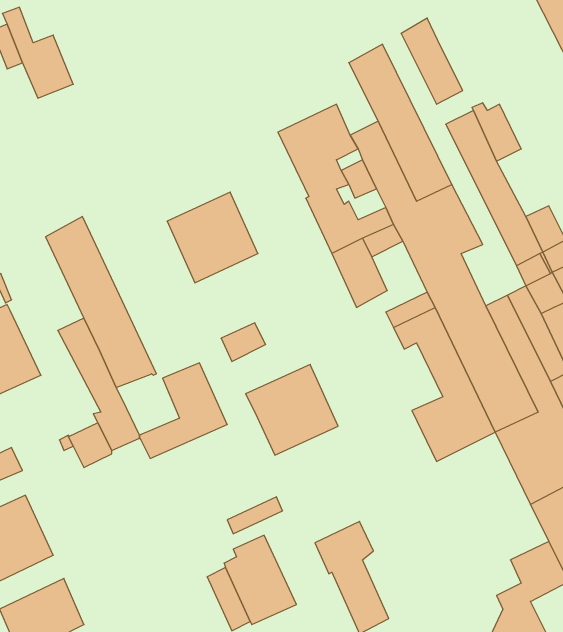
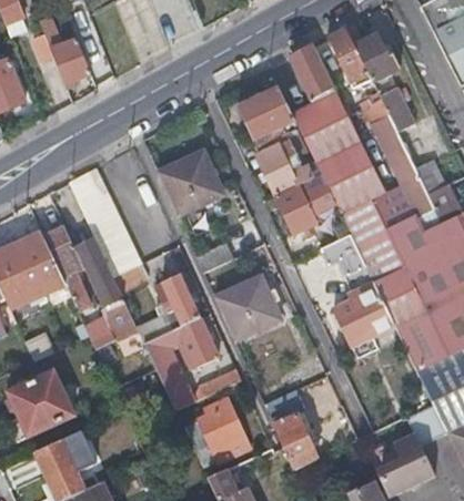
building: none -> [355,35,401,81]
building: none -> [44,226,90,311]
building: none -> [145,318,219,409]

